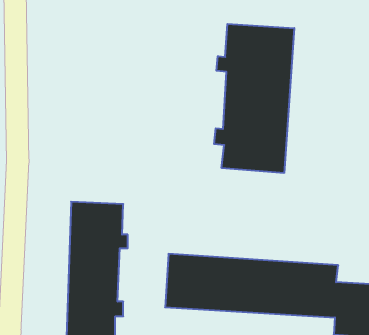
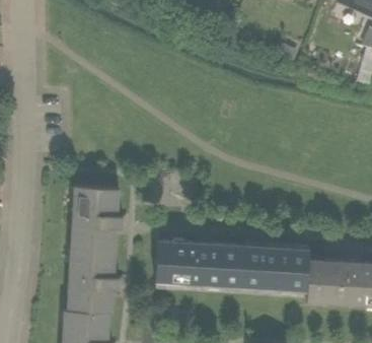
building: [214,24,294,173] -> none

